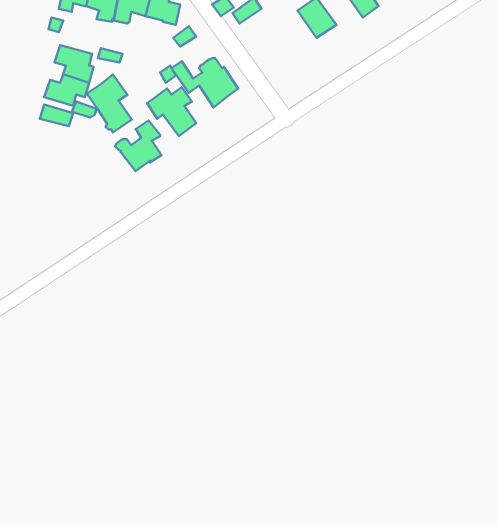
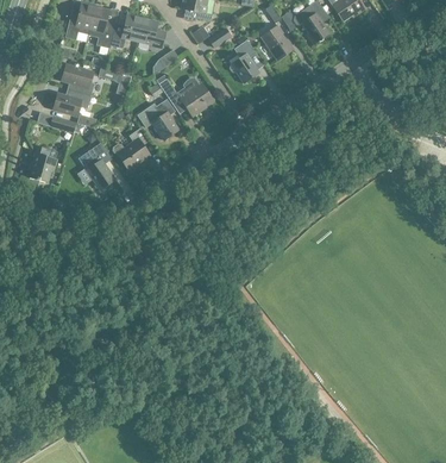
building: none -> [230,40,259,83]
building: [87,75,132,132] -> [78,142,115,189]
building: none -> [30,146,57,183]

